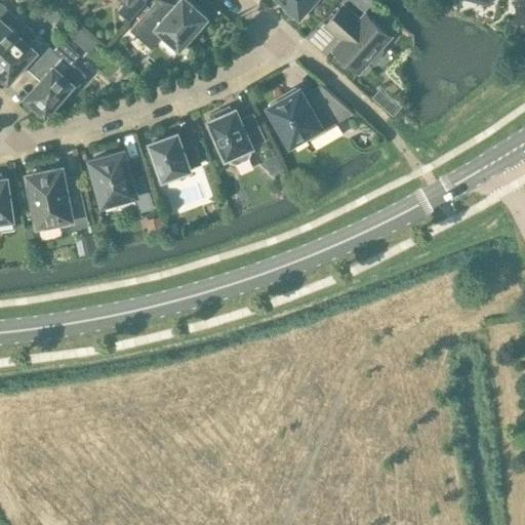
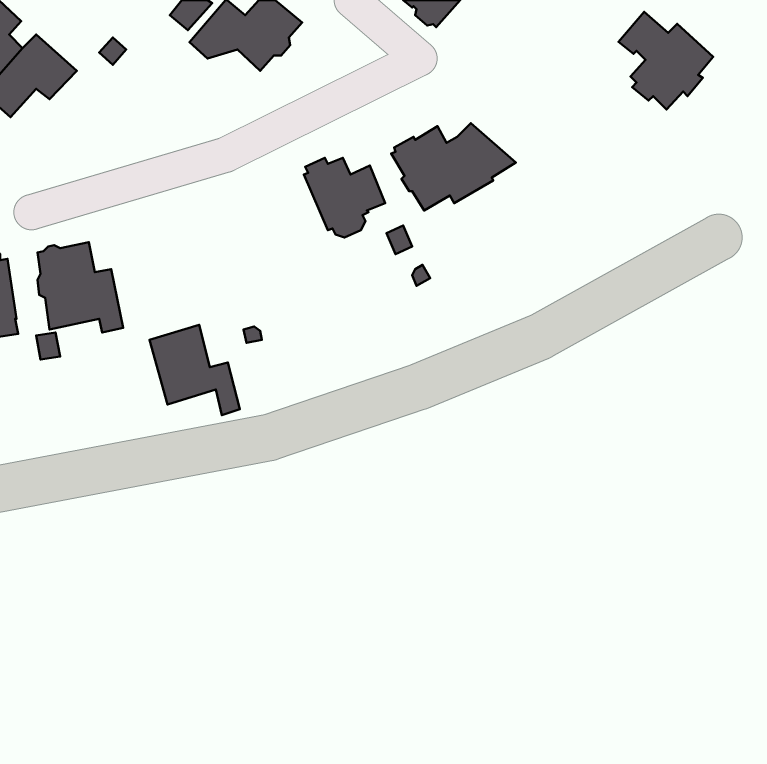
building: [324,7,389,74] -> [618,12,713,110]
building: [25,41,85,117] -> none
building: [148,134,199,180] -> none
building: [89,152,151,213] -> [150,325,240,415]

